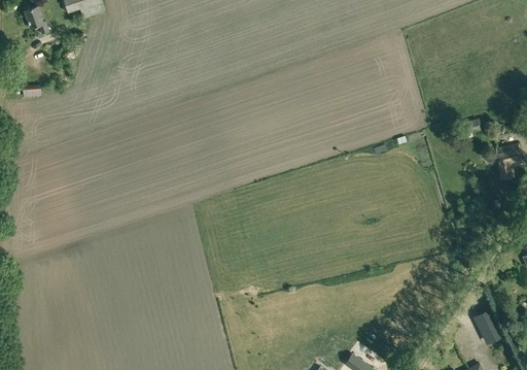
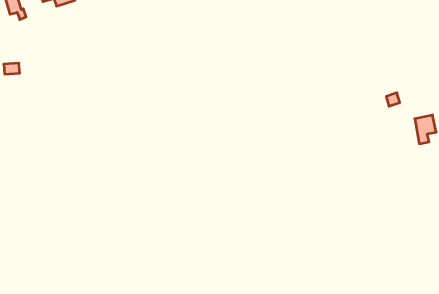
building: [476,309,503,342] -> none

